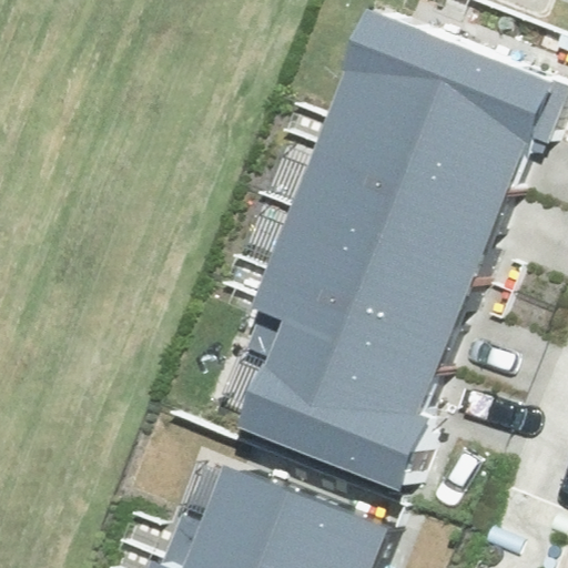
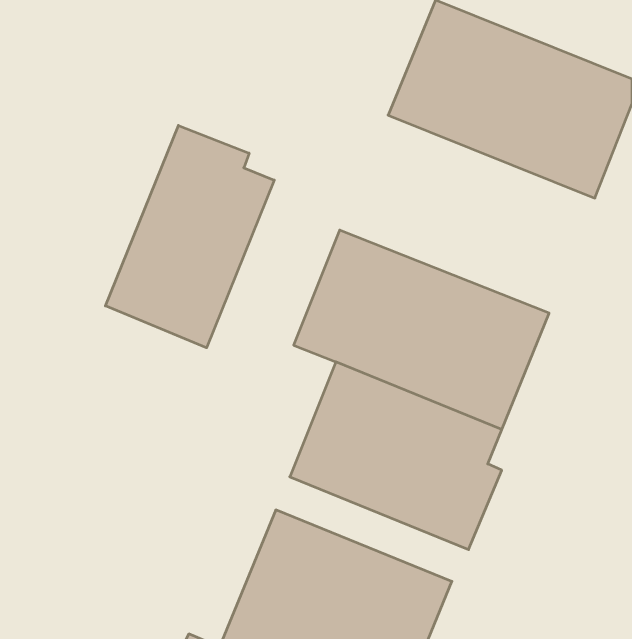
building: [295,112,517,284] -> none
building: none -> [105,125,274,348]

